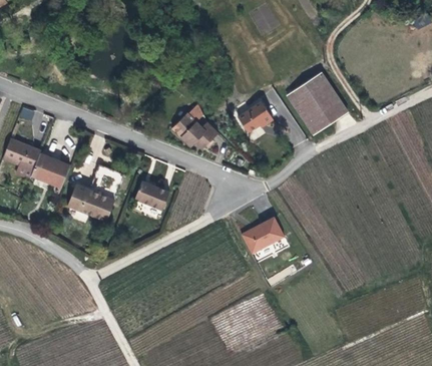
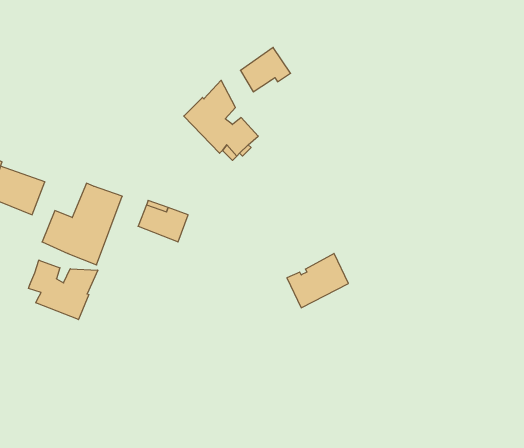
building: [288,73,348,134] -> none
building: [239,100,274,131] -> [240,47,291,92]
building: none -> [28,260,98,320]

